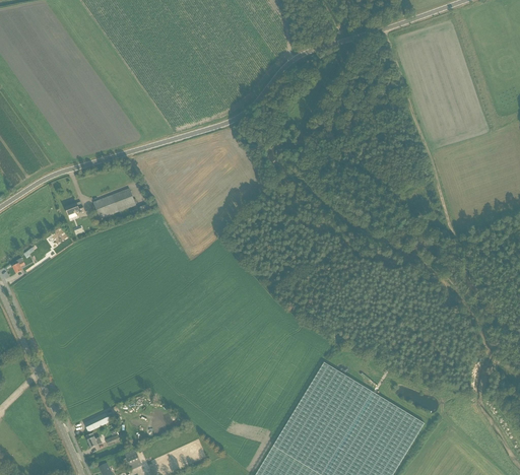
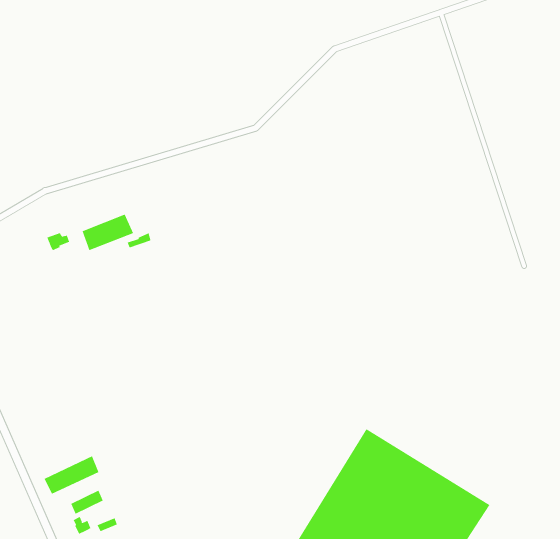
building: none -> [43,455,100,495]

